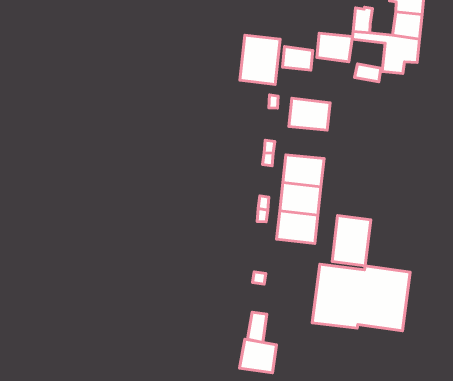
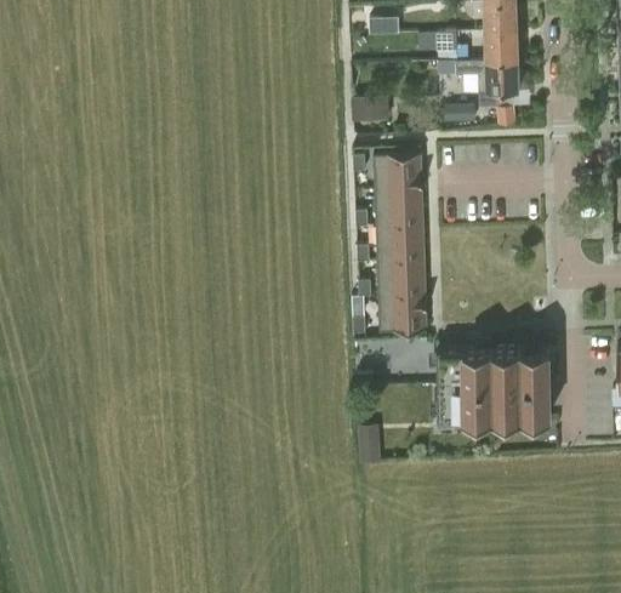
building: [317,33,352,62] -> none
building: [240,35,280,84] -> none
building: none -> [375,192,423,229]
building: [332,216,371,266] -> none
building: [240,339,276,373] -> none

